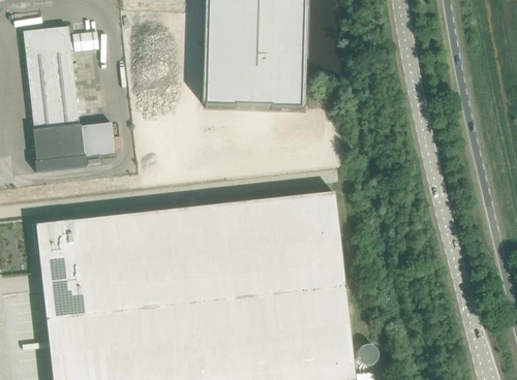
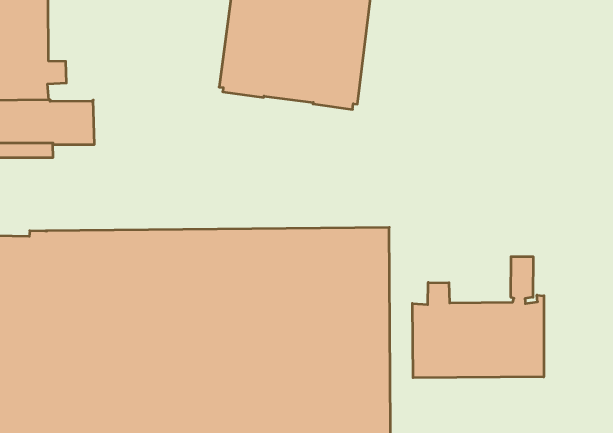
building: none -> [412,257,544,378]

